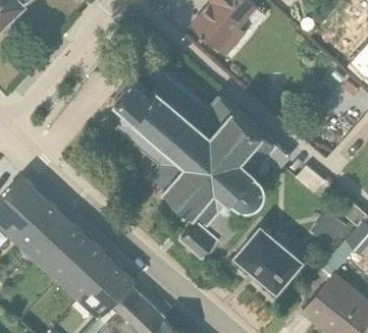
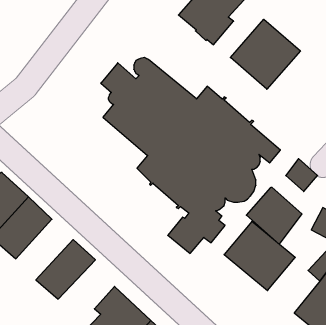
building: none -> [230,19,300,89]
building: none -> [246,187,302,244]
building: [35,223,90,281] -> none
building: [75,262,134,320] -> none

